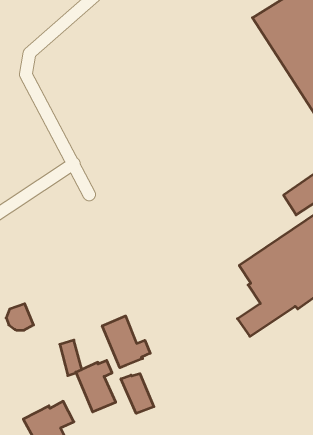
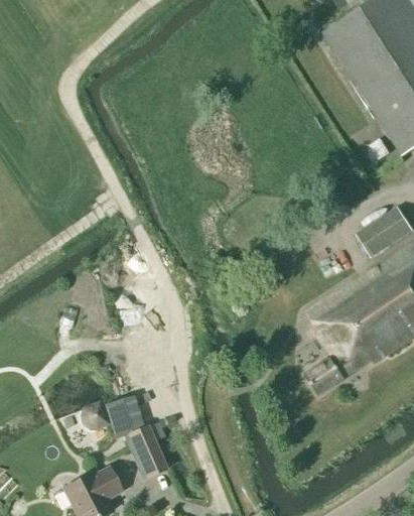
building: [6,304,34,330] -> [80,399,111,429]
building: [102,316,150,368] -> none
building: [121,374,154,413] -> none

